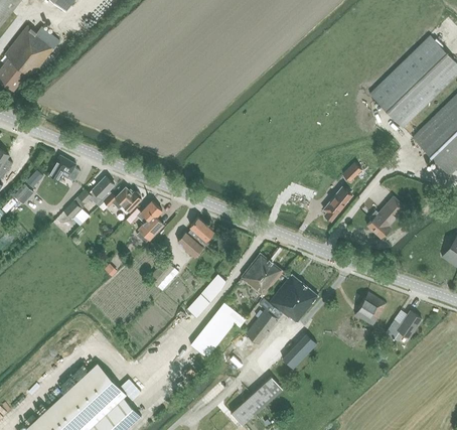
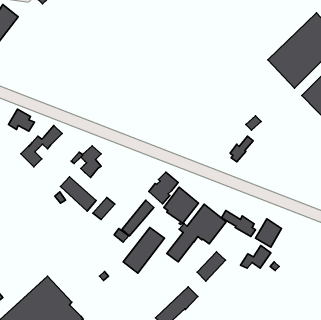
building: [104,186,142,212] -> none
building: [366,195,407,239] -> none
building: [177,218,213,257] -> [149,172,178,204]
building: none -> [60,177,96,211]
building: none -> [222,210,255,236]
building: [385,310,422,338] -> [241,246,271,268]

